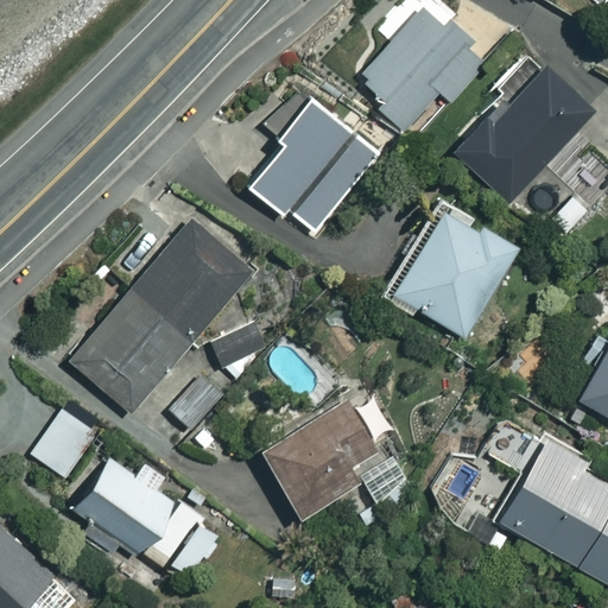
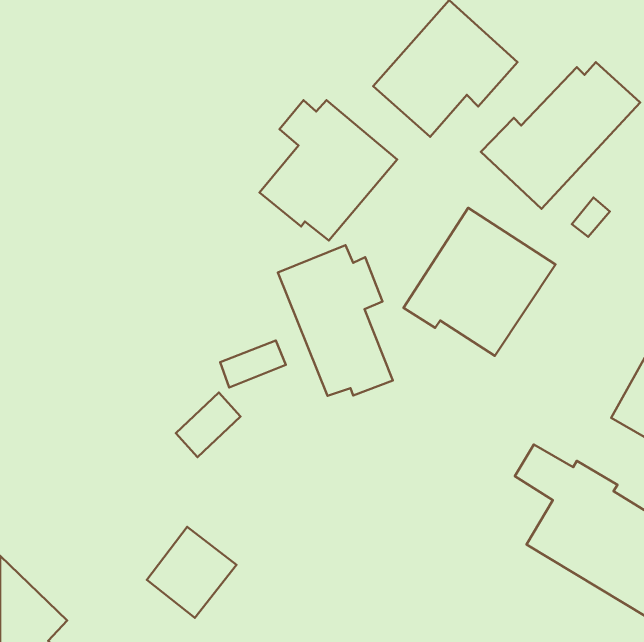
building: [71,221,249,411] -> none
building: none -> [278,245,393,396]
building: [261,401,375,517] -> none
building: [31,410,96,477] -> none
building: [66,454,178,557] -> none

